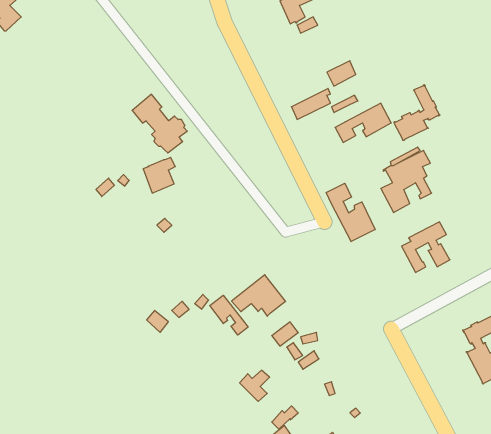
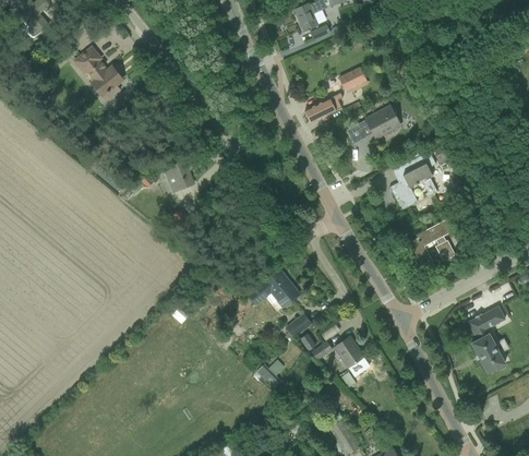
building: [394,85,440,140] -> none
building: [132,94,187,153] -> [73,46,125,101]
building: [326,183,375,242] -> none
building: [210,295,248,335] -> none
building: none -> [335,338,364,368]

